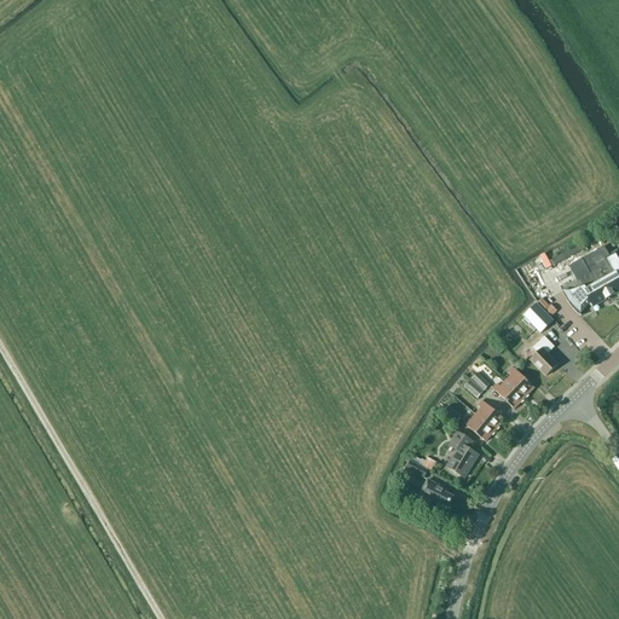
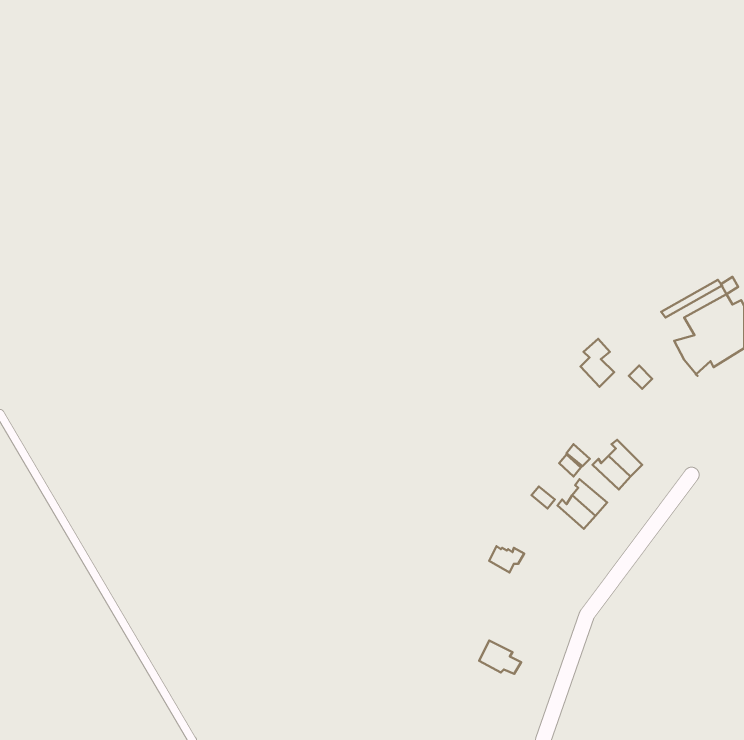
building: [530,334,557,374] -> [581,339,614,387]
building: [446,430,478,475] -> none
building: [418,476,453,504] -> [479,640,521,674]

